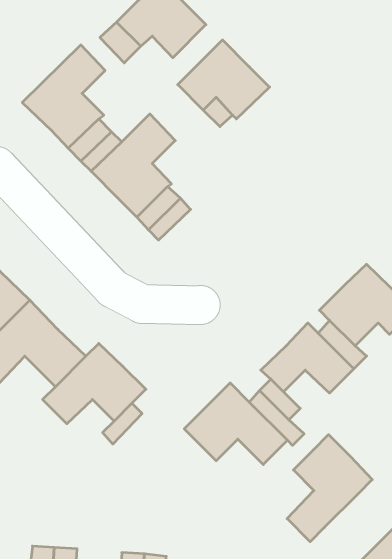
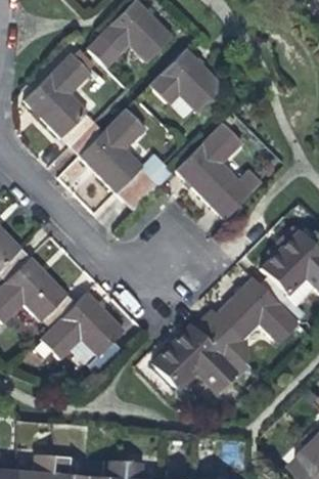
building: none -> [172,124,249,209]
building: [287,435,372,542] -> none

